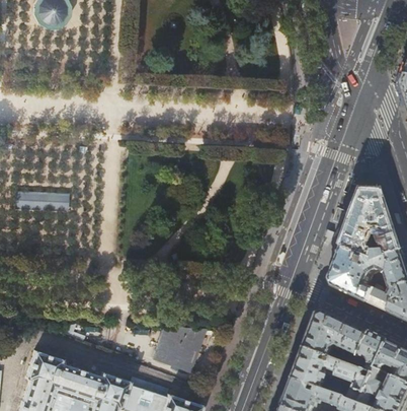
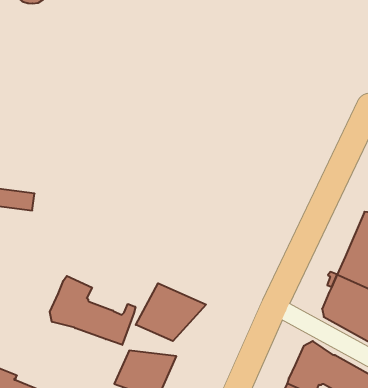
building: none -> [50,276,135,345]
building: none -> [136,283,206,341]

